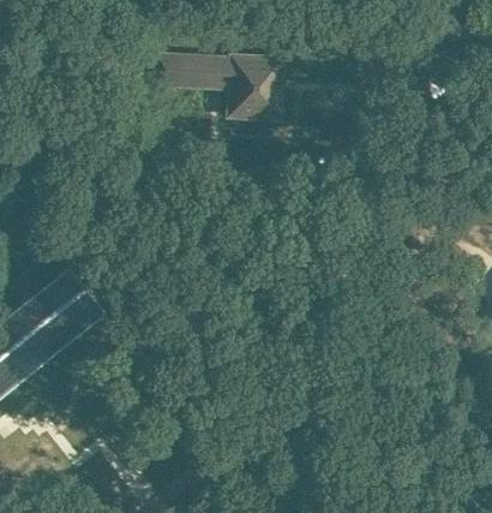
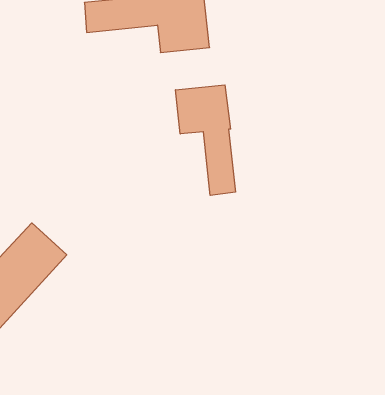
building: none -> [176,85,235,195]

